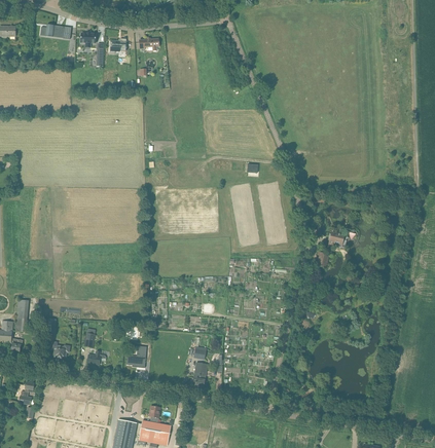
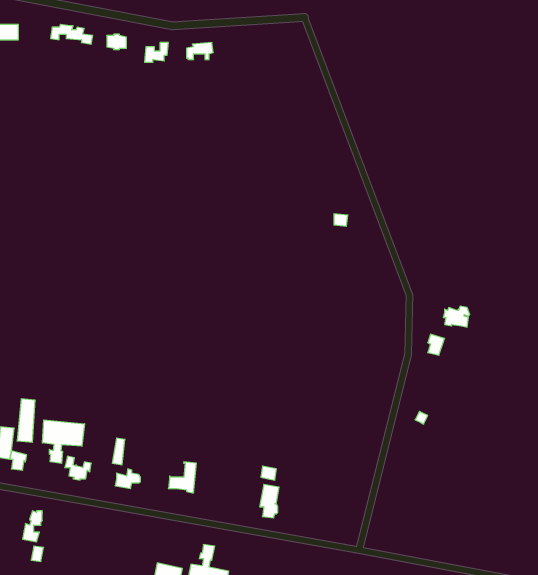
building: none -> [42,420,85,463]

